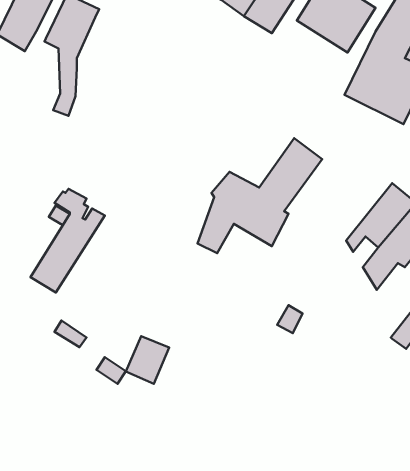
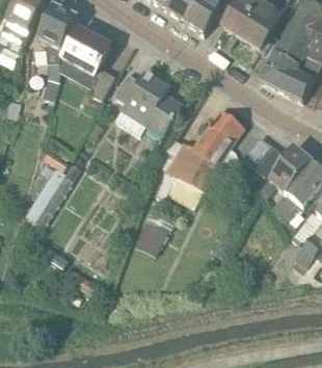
building: none -> [60,28,115,100]
building: none -> [113,71,183,135]
building: none -> [243,137,281,176]
building: [126,336,169,384] -> [135,220,167,256]

